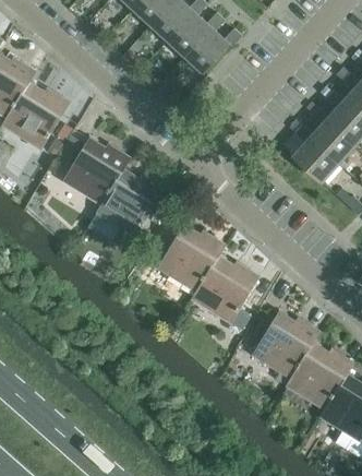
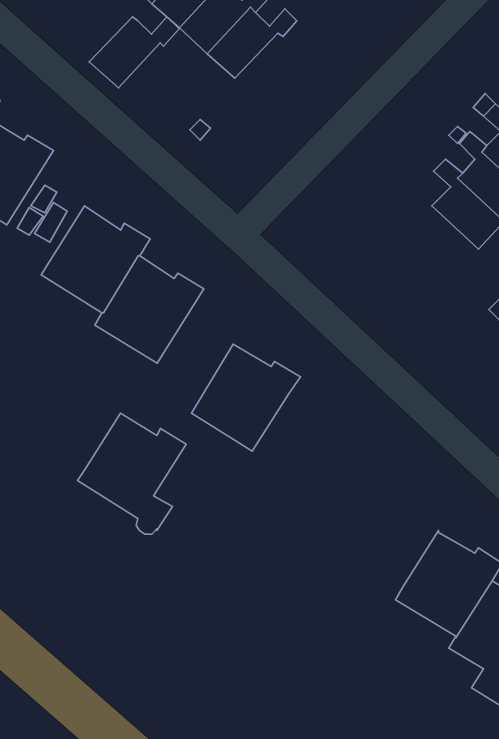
building: [184,27,241,72] -> [89,17,179,88]
building: [292,123,338,181] -> none
building: [191,255,260,332] -> [77,413,186,534]
building: [252,311,321,378] -> none

